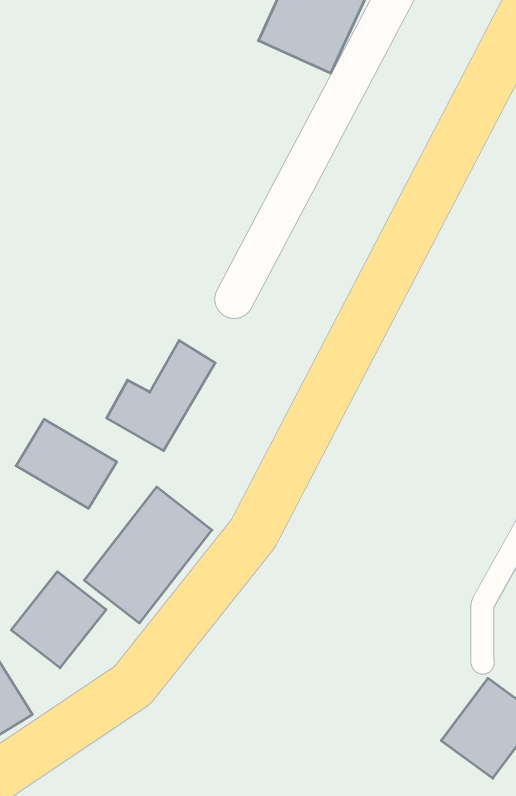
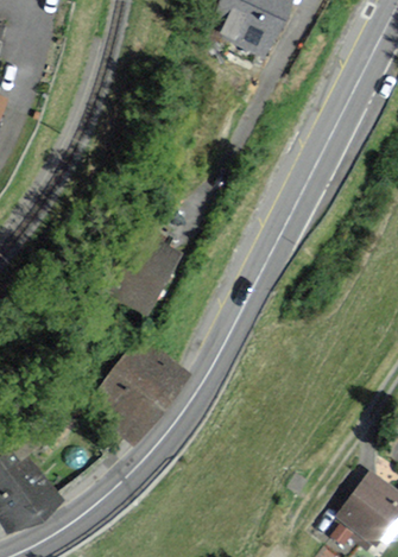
building: [16,419,117,508] -> none
building: [11,572,106,668] -> none

